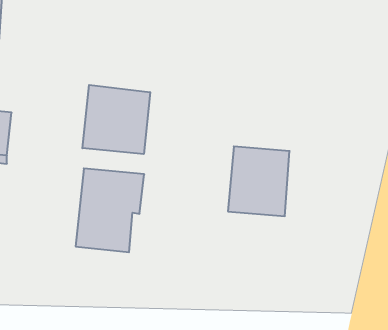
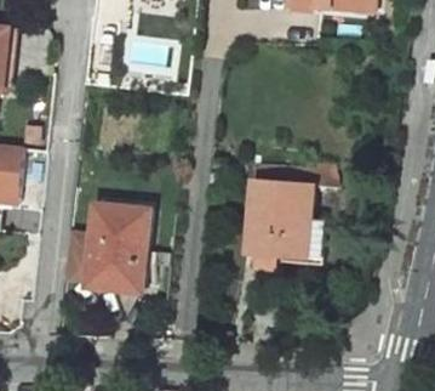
building: [82,85,150,154] -> none

